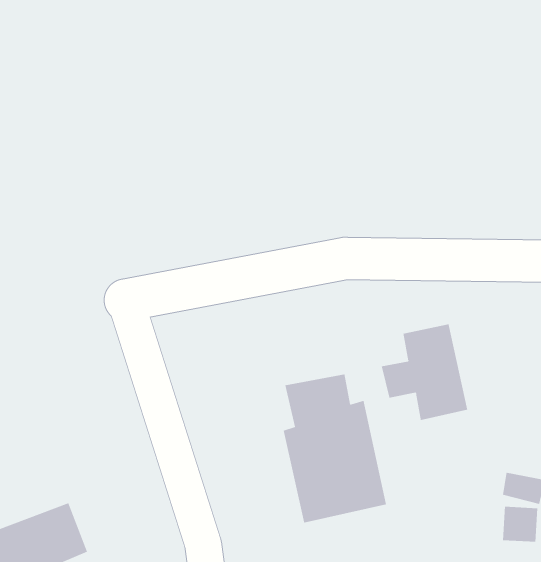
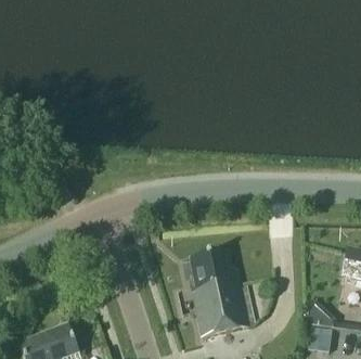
building: [381,323,468,421] -> none

